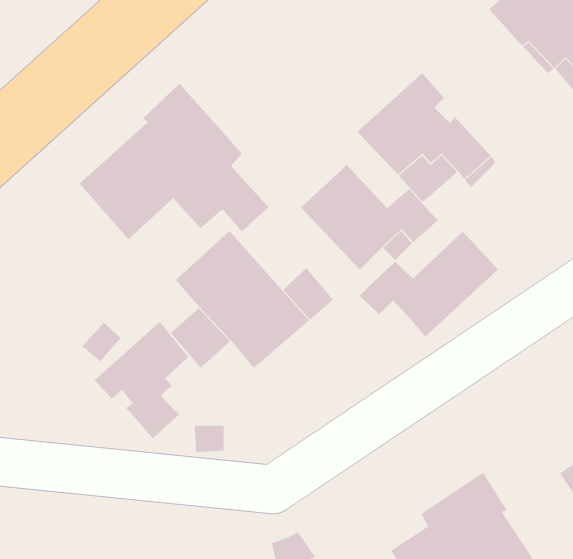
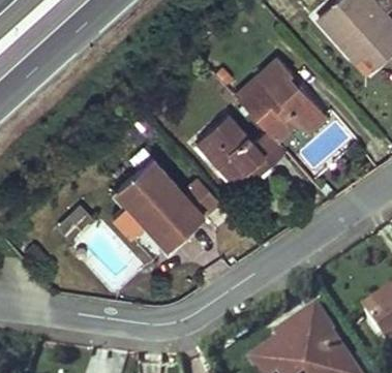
building: [79,83,269,240] -> none
building: [359,231,499,337] -> none
building: [94,321,189,439] -> none

